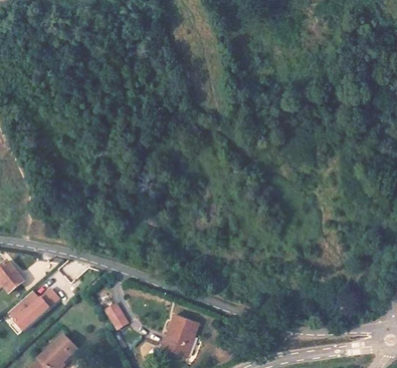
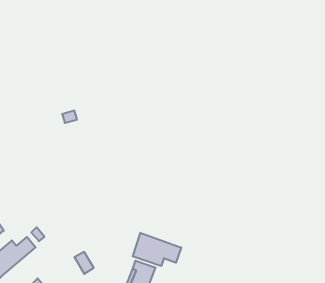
building: none -> [133,233,181,266]

